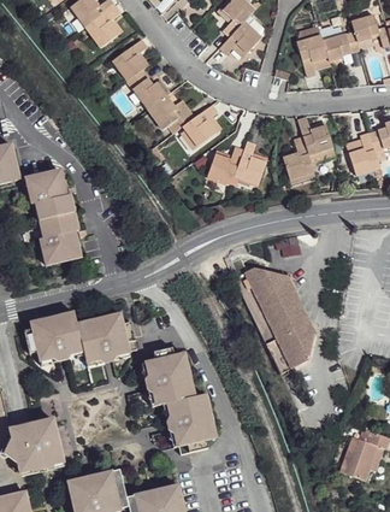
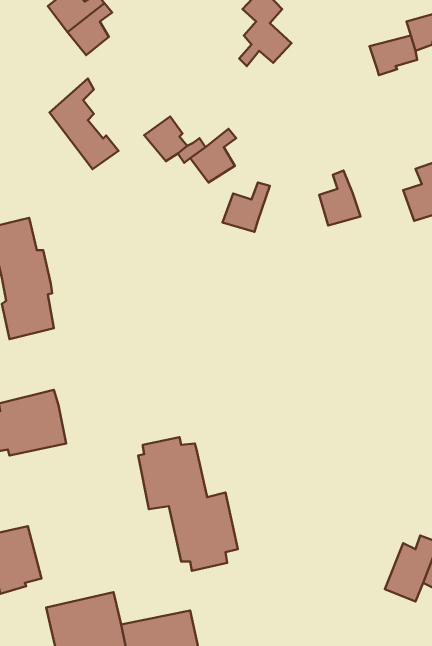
building: [299,34,330,76] -> none
building: [113,37,167,108] -> [50,79,118,169]
building: [299,118,335,154] -> none
building: [236,140,267,184] -> none
building: [221,255,312,376] -> none
building: [79,310,140,364] -> none

